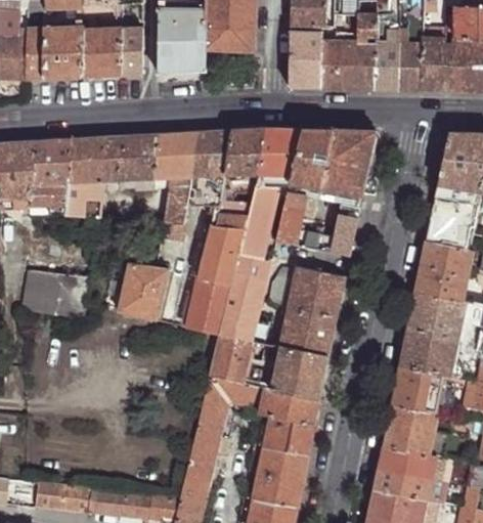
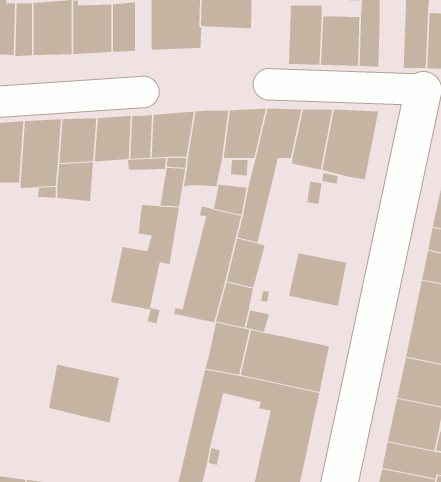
building: [376,31,400,91] -> none
building: [277,191,362,257] -> none
building: [24,263,92,319] -> [48,364,120,423]
building: [280,308,337,356] -> none

